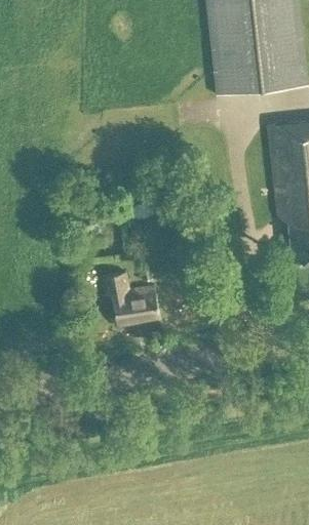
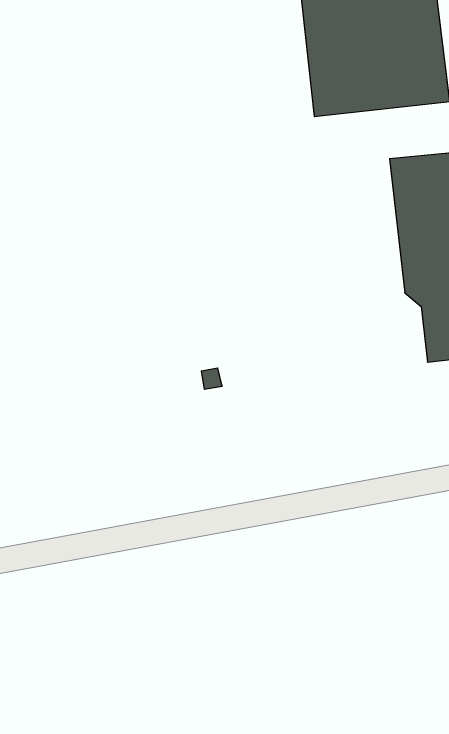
building: [103,272,159,324] -> none

